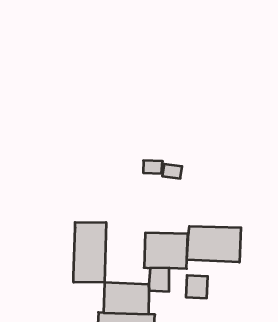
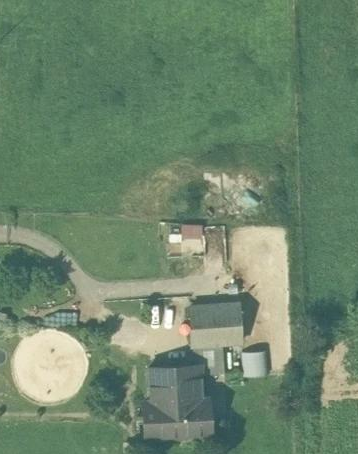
building: [73,222,106,282] -> none
building: [187,226,241,262] -> none

